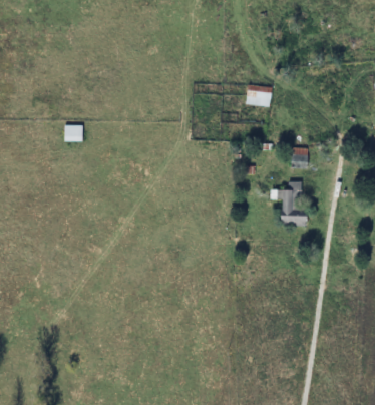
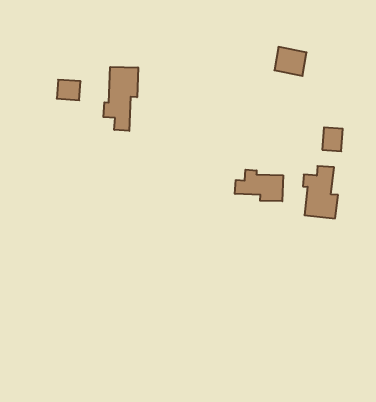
building: none -> [103,67,138,131]
building: none -> [235,170,283,201]

